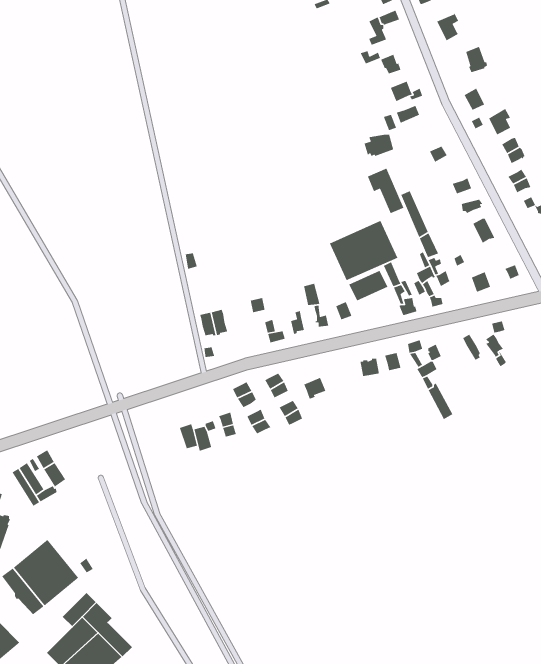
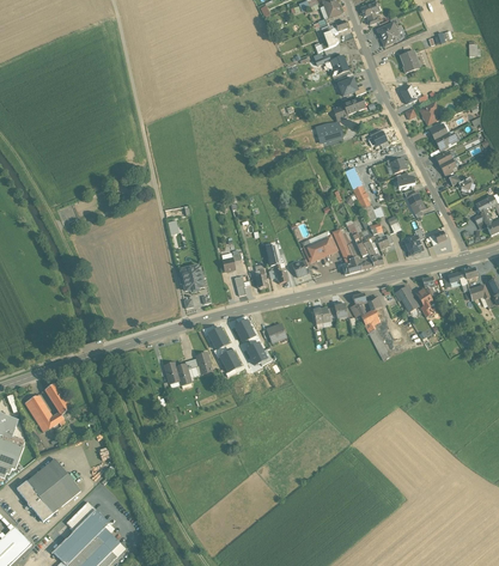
building: [367,168,404,214] -> none
building: [329,220,398,281] -> none

